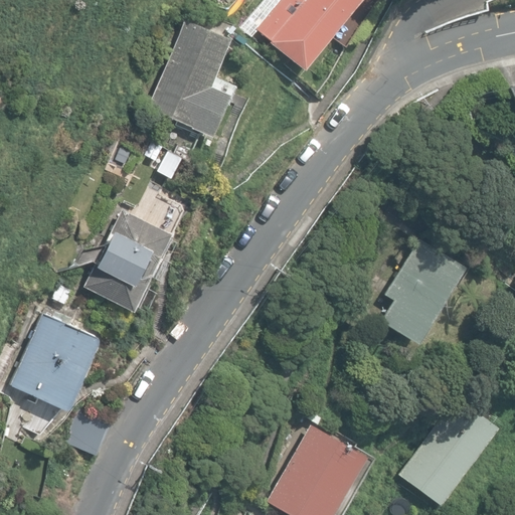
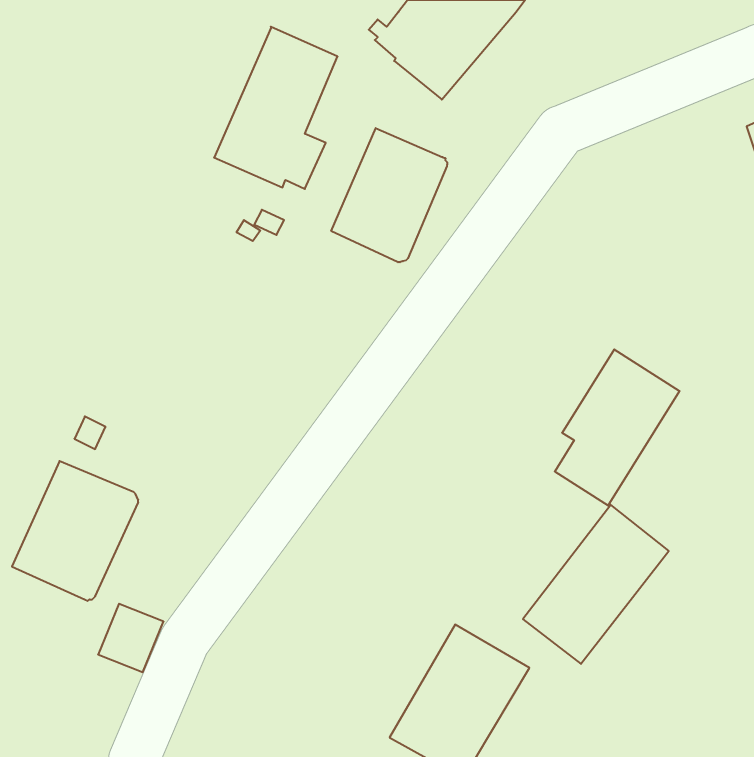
building: none -> [331,128,447,262]
building: [85,210,171,311] -> none
building: [400,396,499,504] -> [523,505,669,664]

